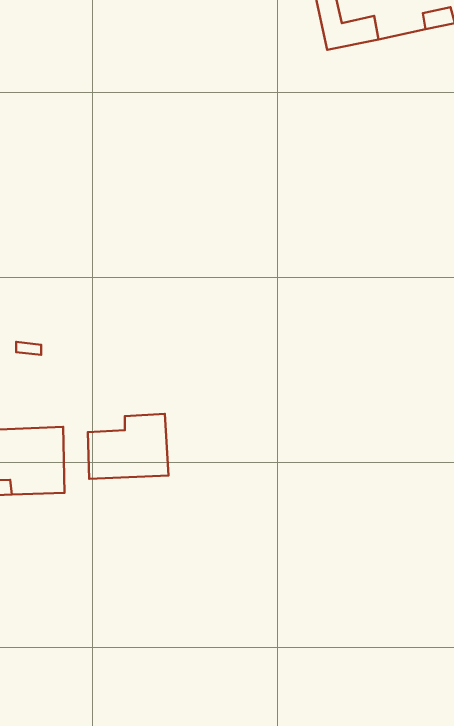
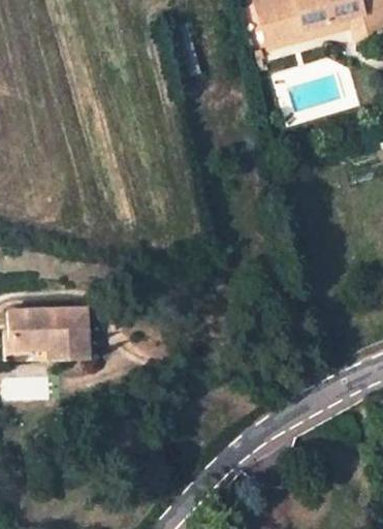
building: [88,414,168,479] -> none

